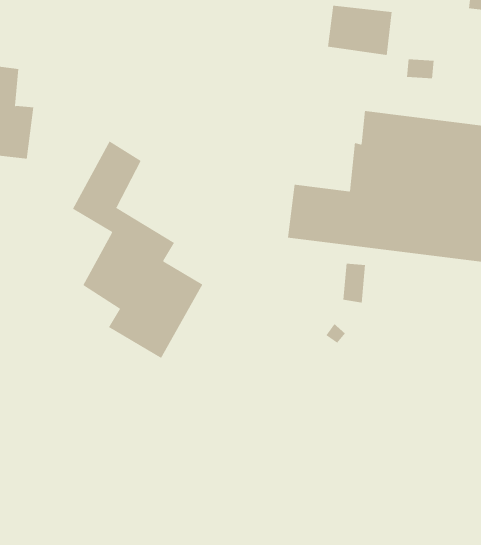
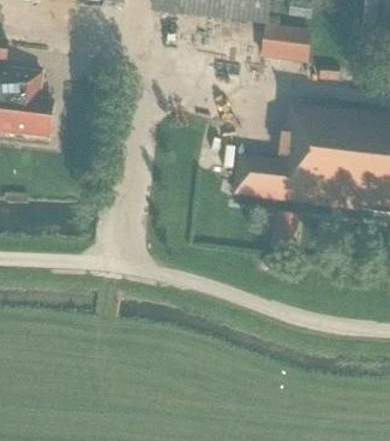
building: [72,141,203,359] -> none

